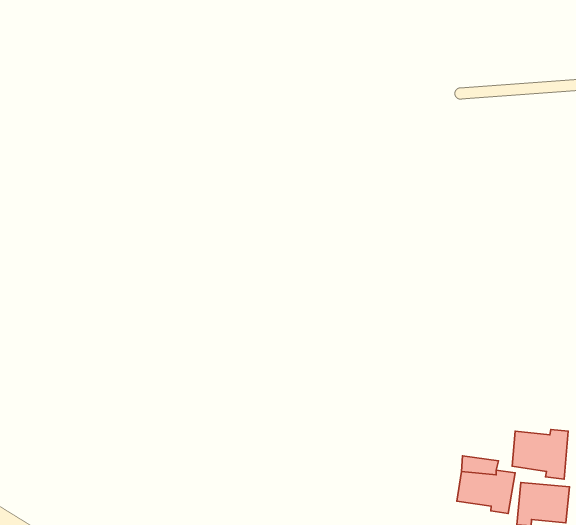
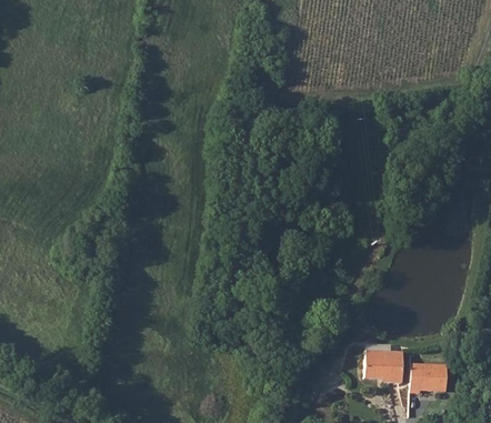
building: [512,429,568,479] -> none

